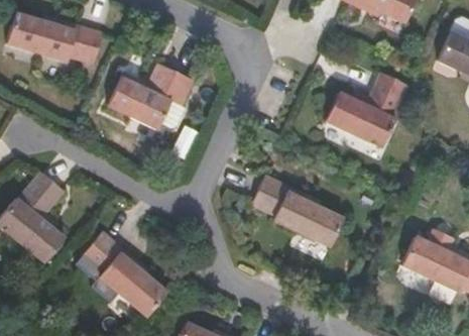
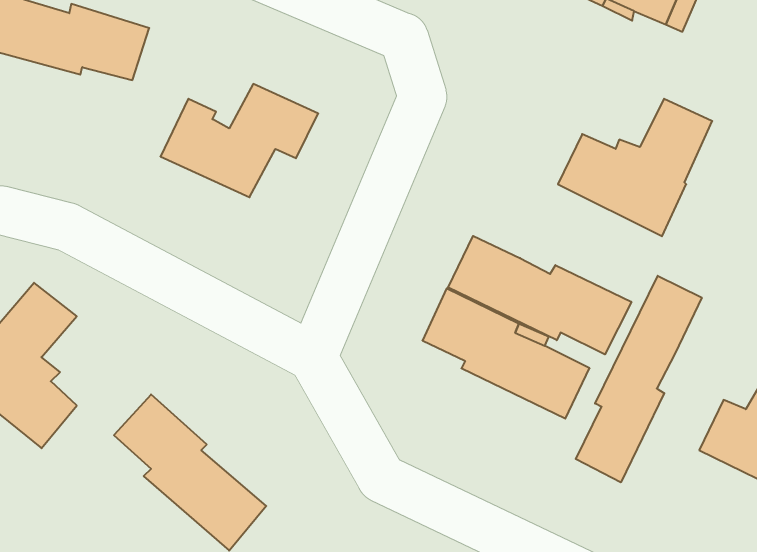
building: none -> [448,236,631,354]
building: none -> [576,276,702,482]

